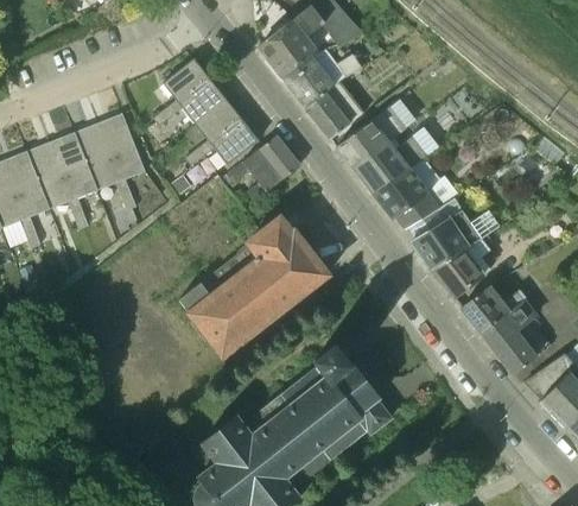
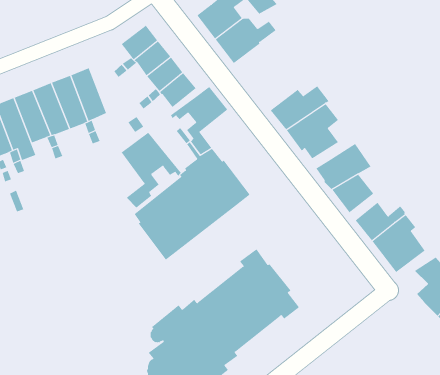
building: [306,82,363,139] -> none
building: [336,99,417,167] -> none
building: none -> [121,132,181,209]

